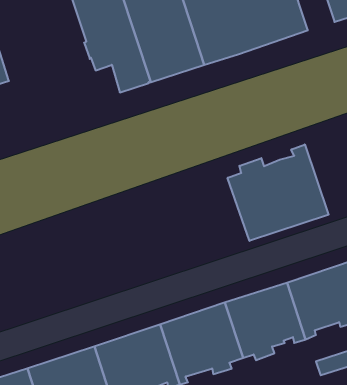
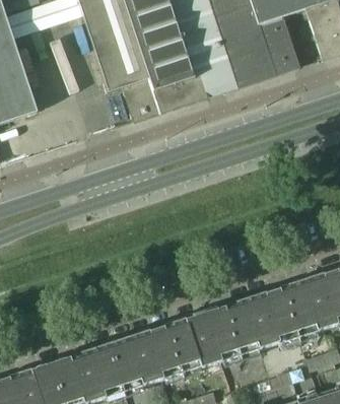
building: [228,144,329,241] -> none

